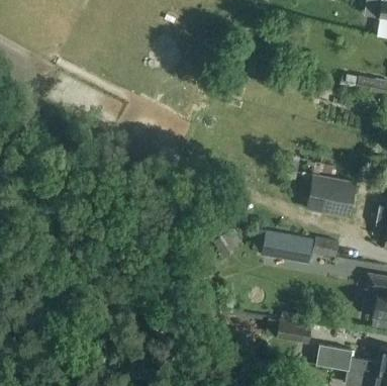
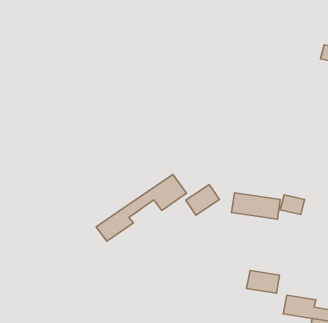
building: [306,174,357,217] -> none
building: none -> [96,175,187,241]

